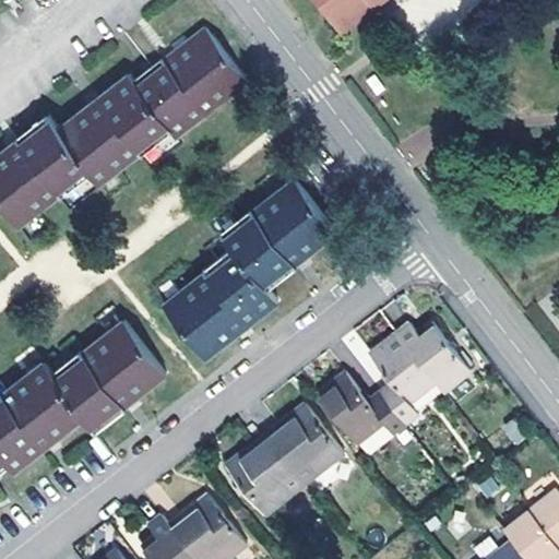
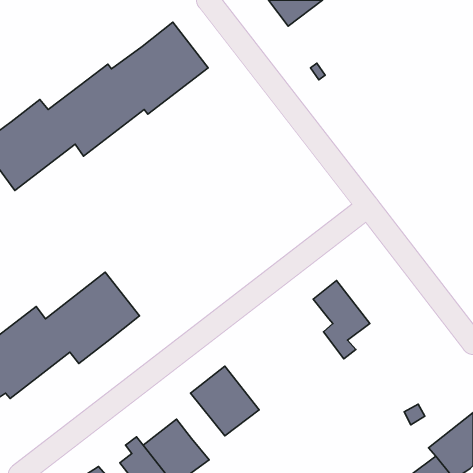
building: [165,180,334,356] -> none
building: [395,321,469,391] -> none
building: [317,370,404,443] -> none
building: [264,403,344,484] -> none

